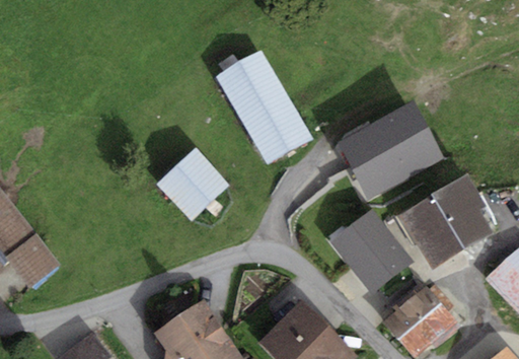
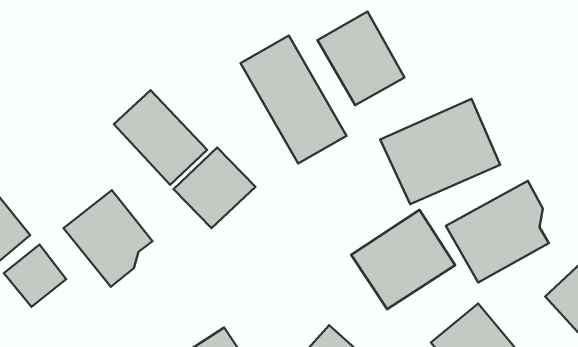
building: none -> [317,11,405,105]
building: none -> [114,90,207,185]
building: none -> [63,190,152,287]

